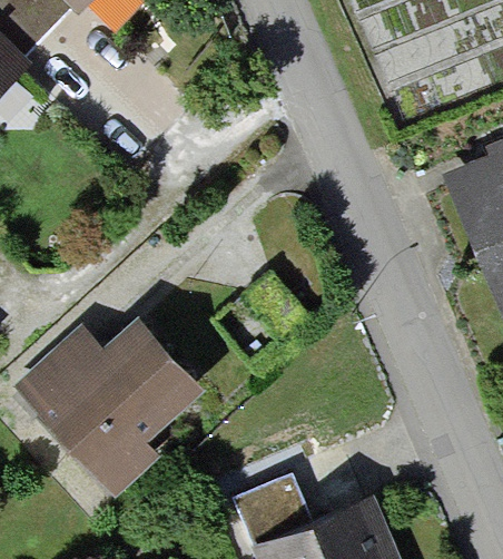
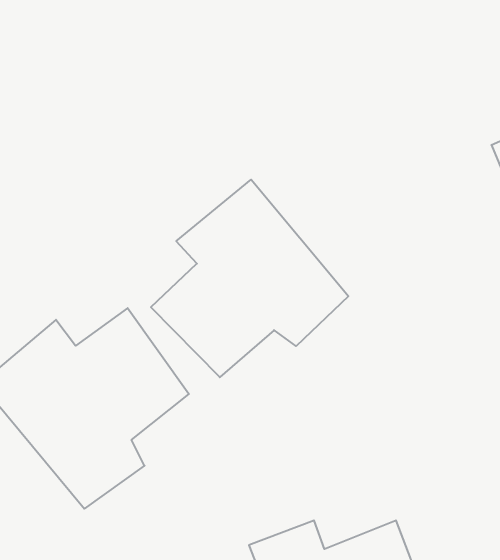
building: none -> [151,180,348,377]

